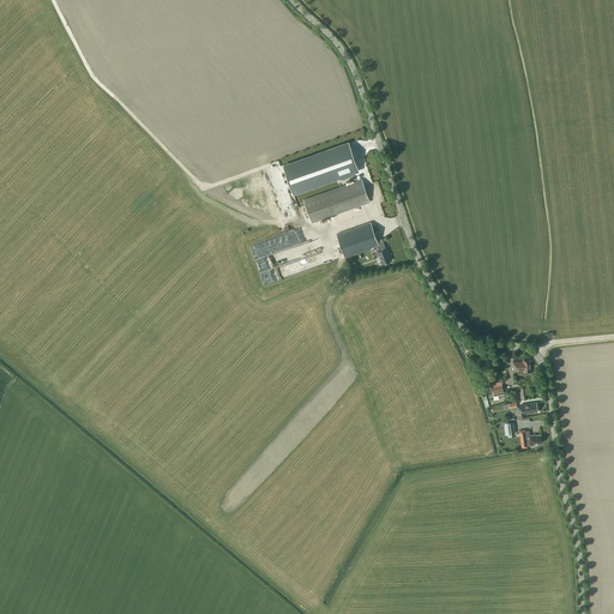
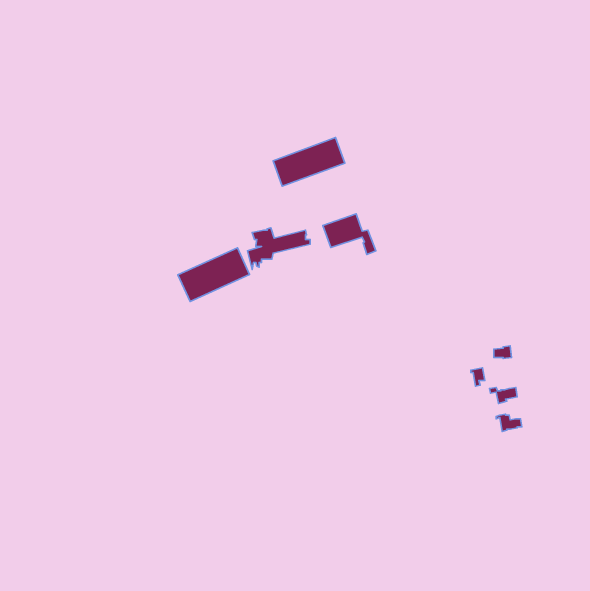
building: [302,174,369,223] -> none
building: none -> [178,248,250,301]

